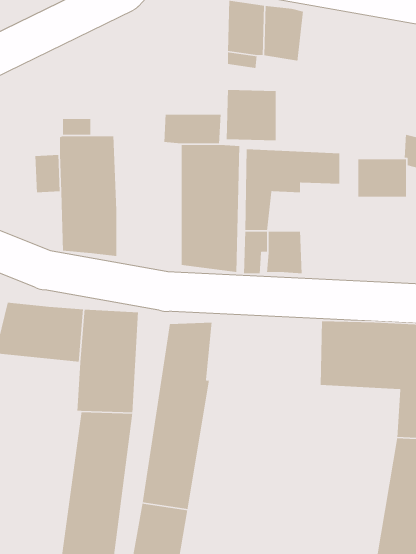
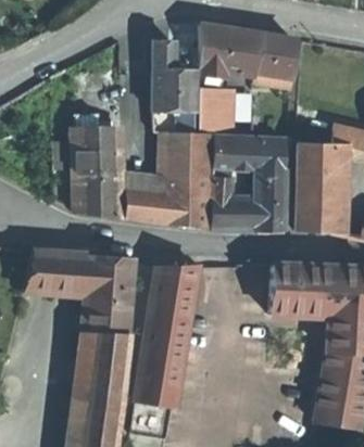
building: none -> [252,31,297,88]
building: none -> [153,39,197,108]
building: none -> [255,168,285,229]
building: none -> [297,171,335,231]
building: none -> [117,177,165,222]

